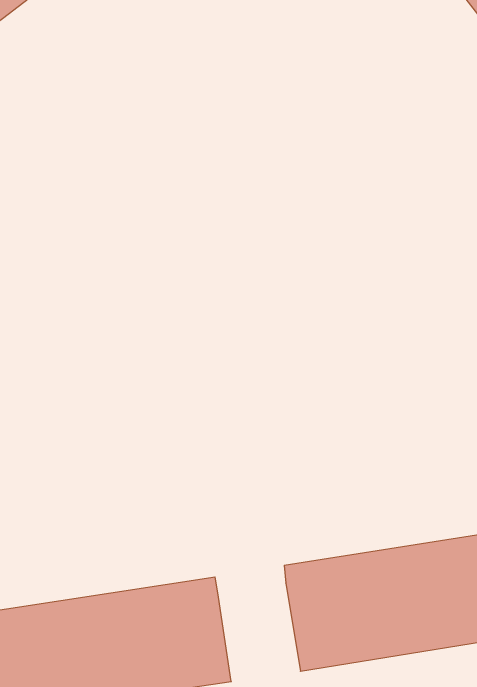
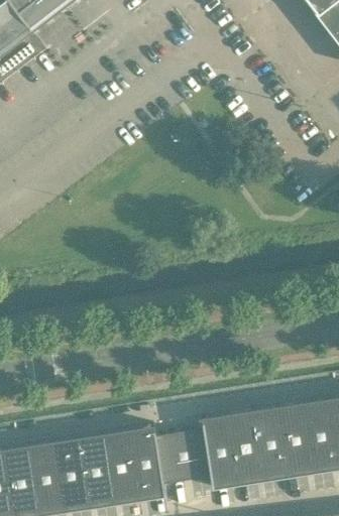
building: none -> [157,430,212,486]

